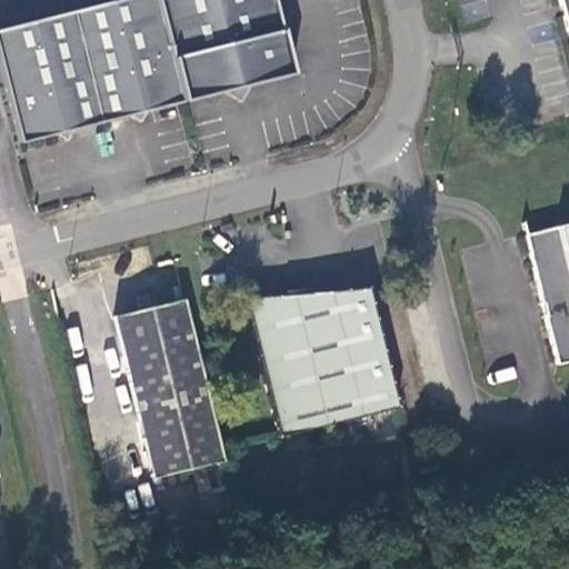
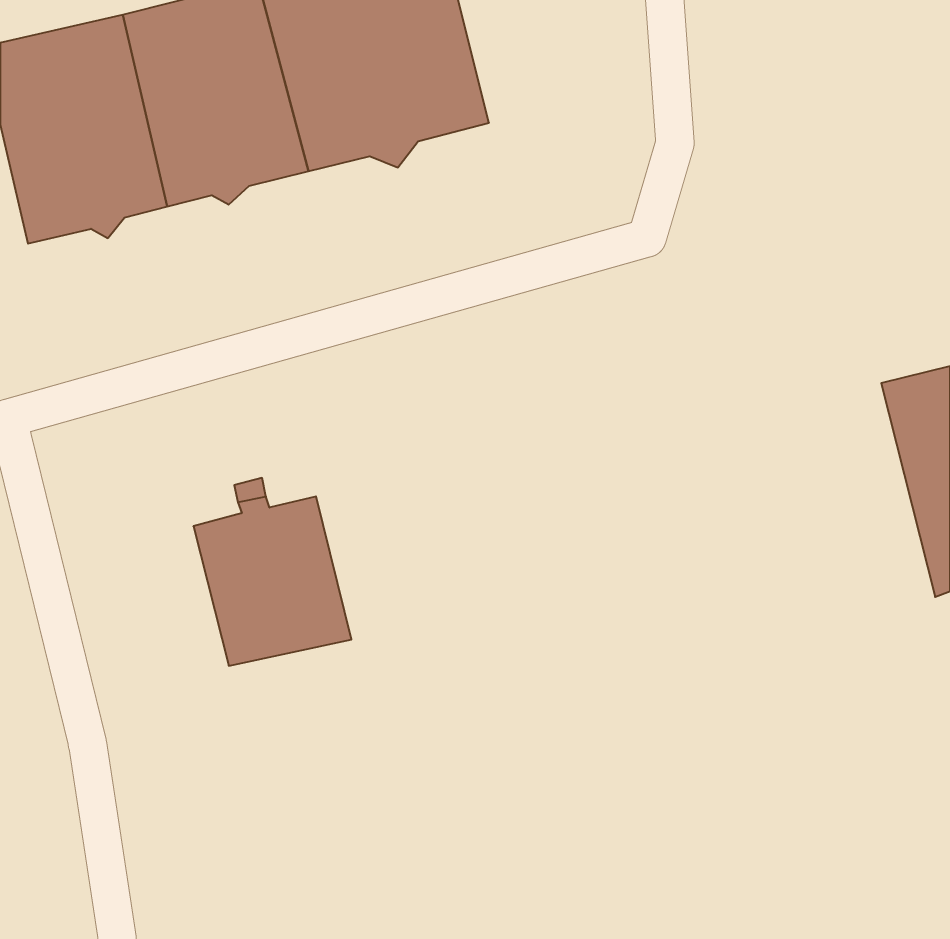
building: [249,282,401,433] -> none
building: [137,382,229,476] -> none

